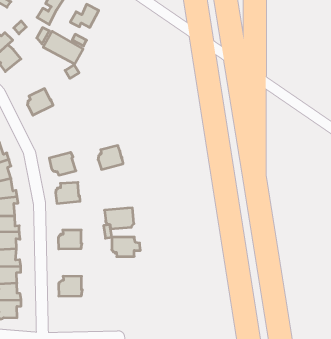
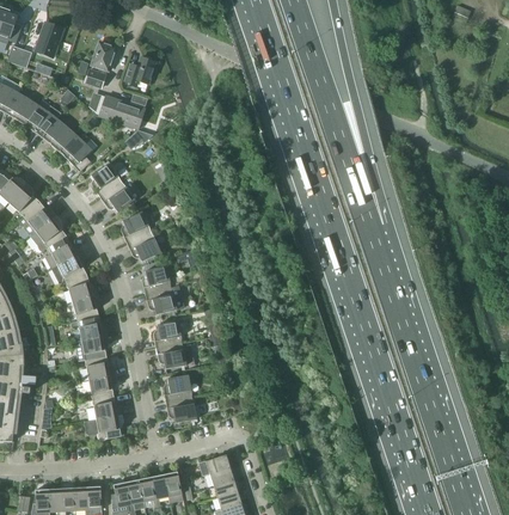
building: none -> [59,133,91,171]
building: none -> [99,180,134,211]
building: [98,146,123,169] -> [121,211,151,243]
building: [104,208,134,229] -> [145,286,182,314]
building: [112,237,140,257] -> [155,342,191,368]
building: none -> [165,397,196,422]

